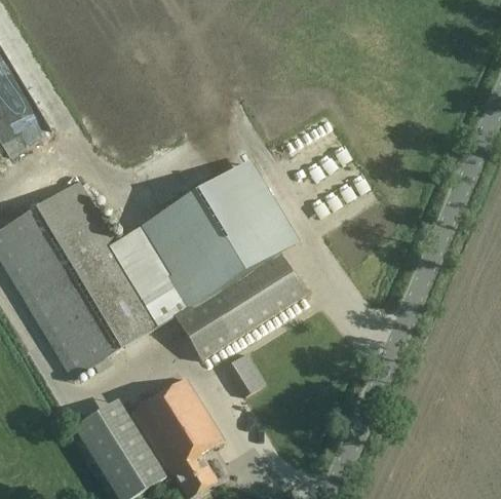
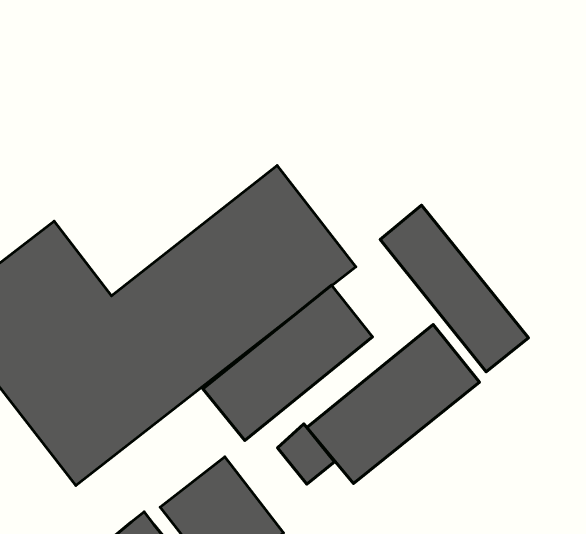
building: none -> [380,205,529,372]
building: none -> [307,325,480,484]

